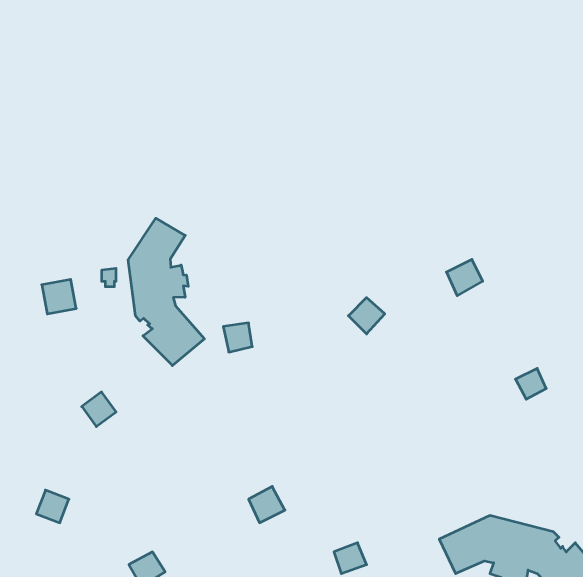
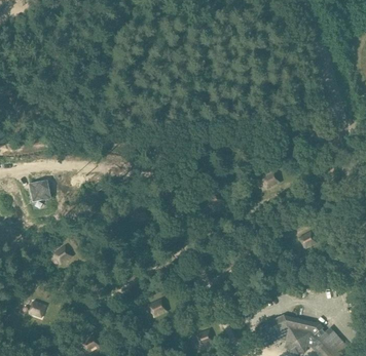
building: [128,218,204,366] -> none

